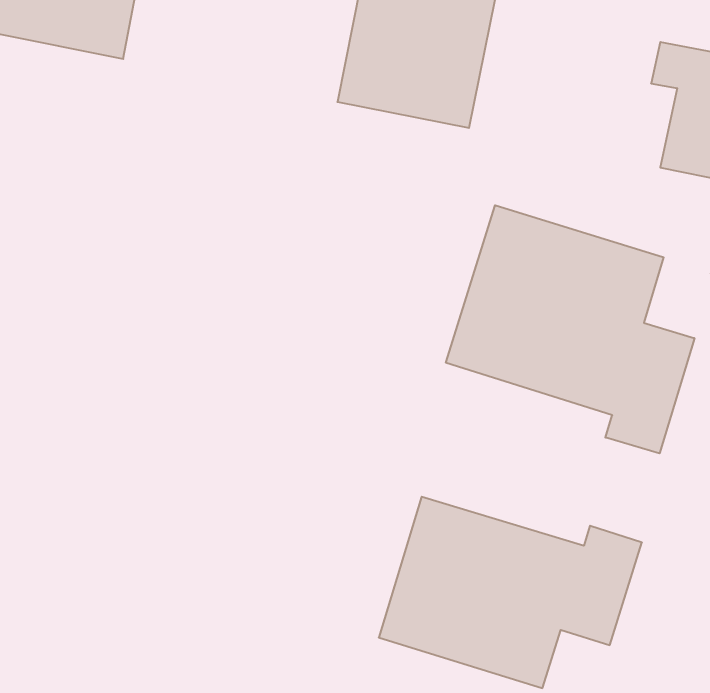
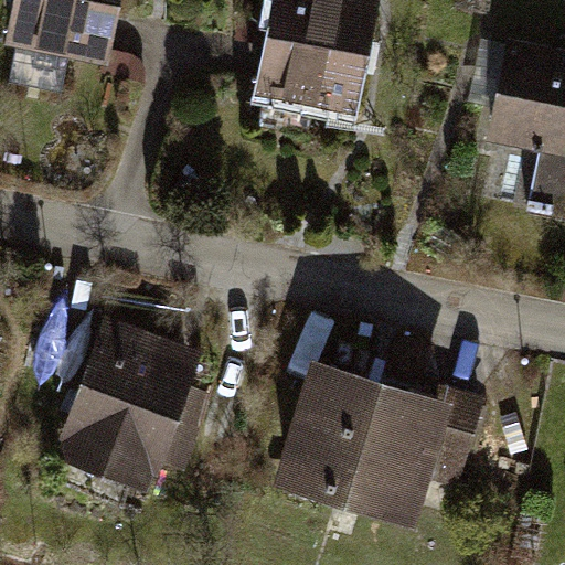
building: [446,205,694,453] -> none
building: none -> [66,327,190,487]

